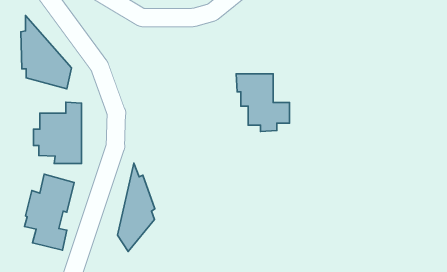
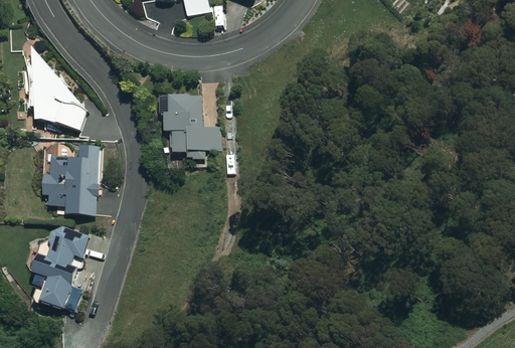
building: [236,74,290,131] -> [159,94,218,158]
building: [118,163,155,251] -> none

